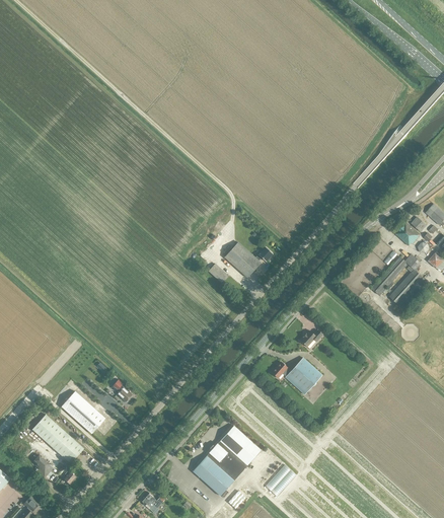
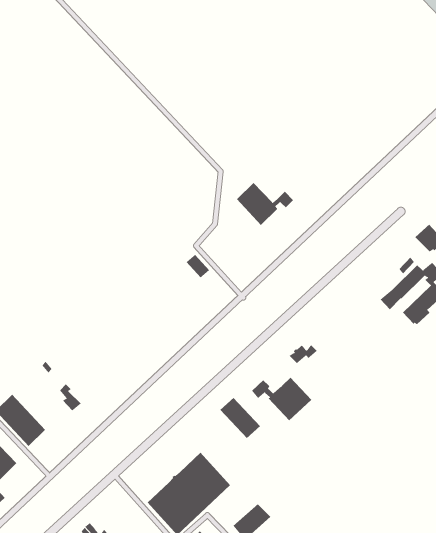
building: [224,242,272,278] -> [236,182,294,226]
building: none -> [220,397,261,439]

